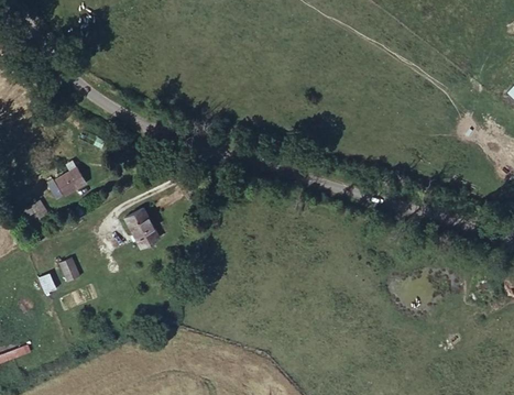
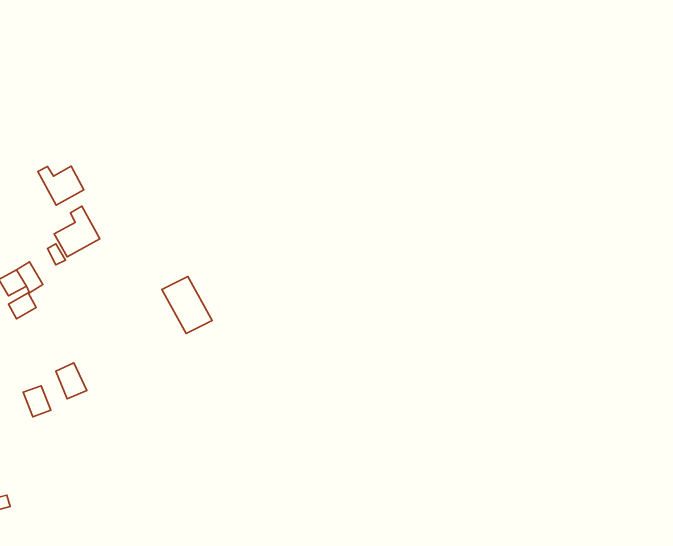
building: none -> [38,166,84,205]

